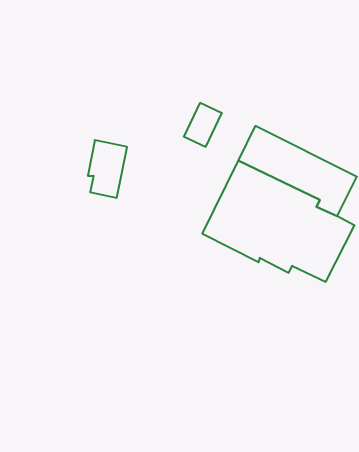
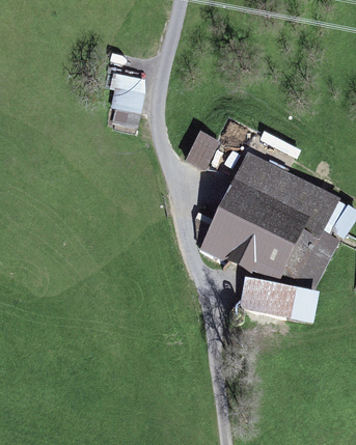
building: [88,140,127,198] -> [110,73,145,124]
building: none -> [239,278,319,322]

